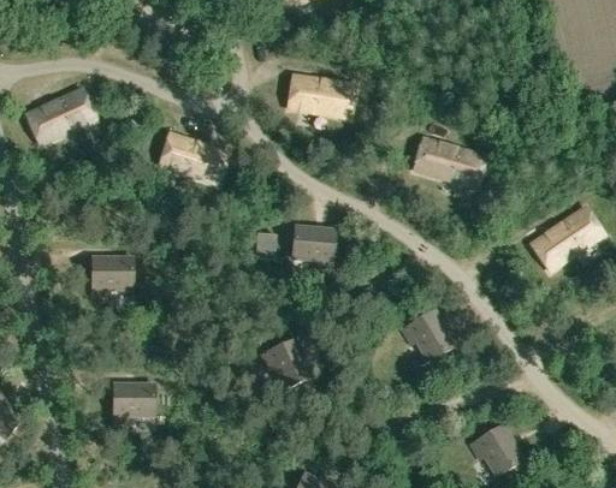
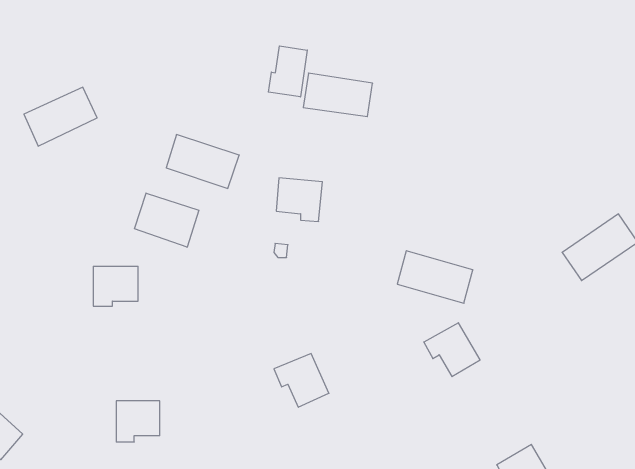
building: none -> [268,46,307,97]
building: [413,138,484,188] -> [397,251,473,303]
building: none -> [134,193,199,247]
building: [291,226,334,267] -> [276,178,322,221]

